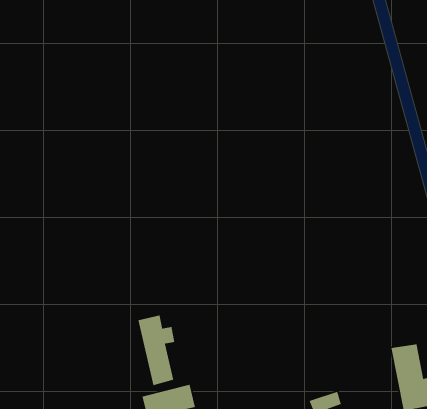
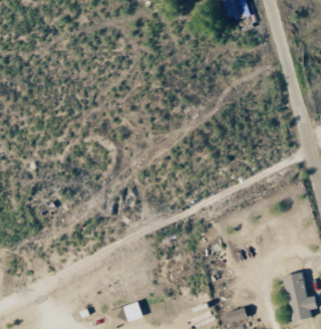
building: [137,315,175,386] -> none

